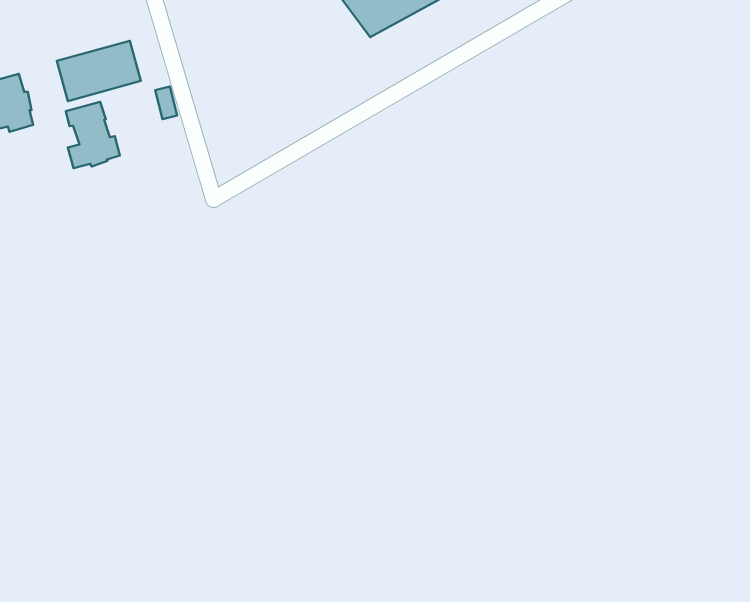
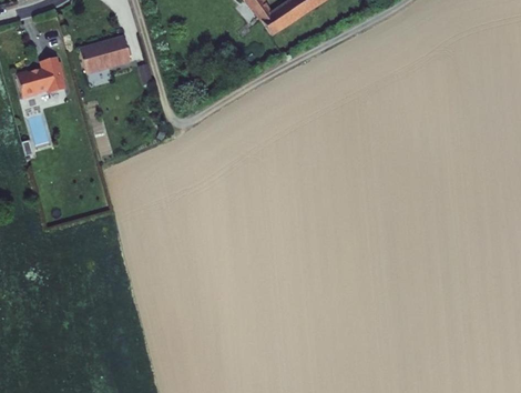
building: [66,102,120,168] -> none

